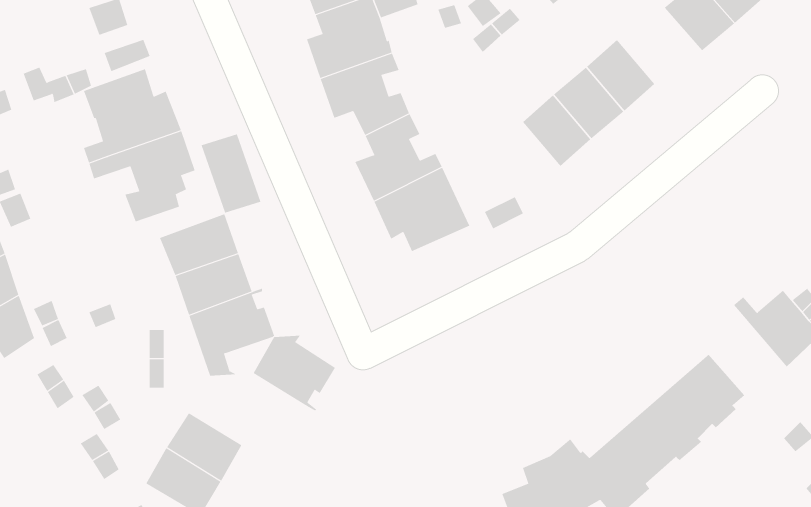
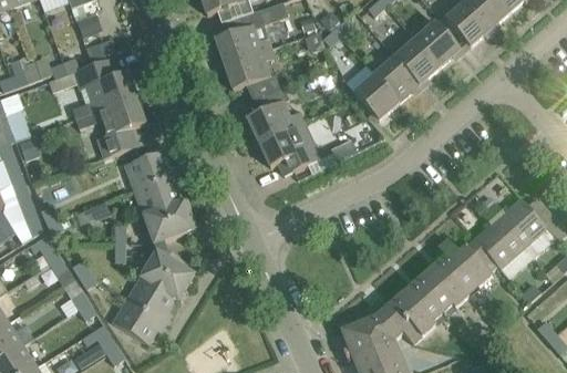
building: none -> [415,20,461,66]
building: [201,133,261,214] -> none
building: none -> [474,208,524,269]
building: [253,335,336,411] -> [141,252,194,301]

